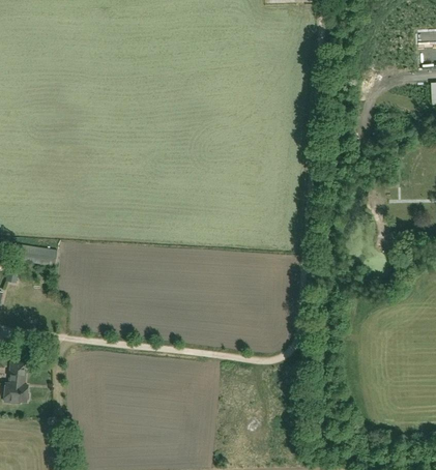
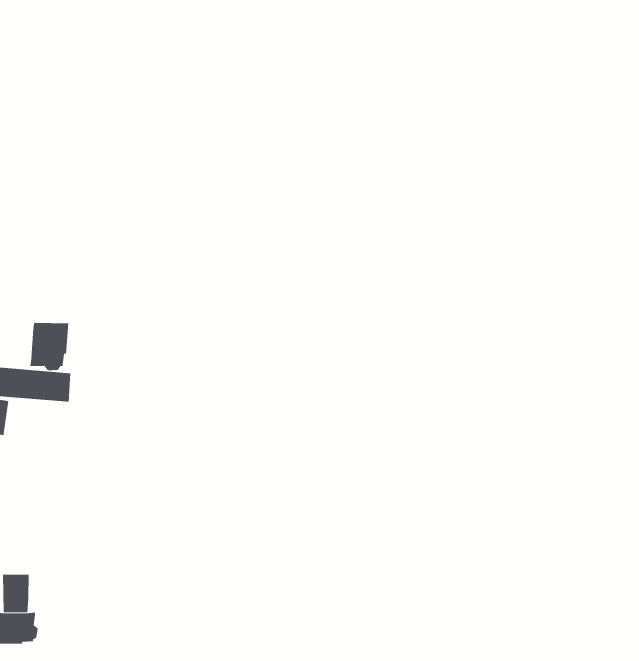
building: none -> [30,322,69,371]

